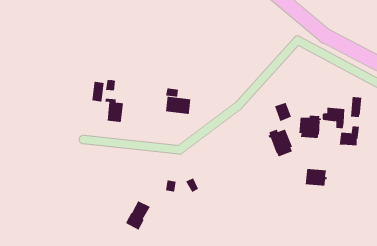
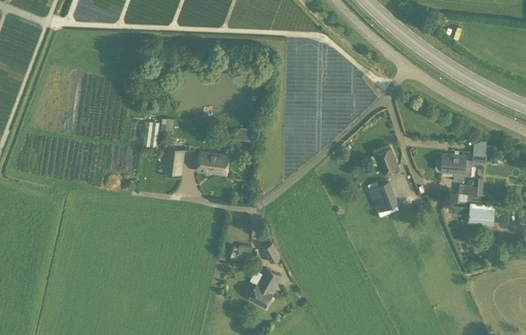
building: [165,96,191,115] -> [195,151,228,175]
building: [299,115,322,139] -> none
building: [305,168,328,186] -> [466,203,495,226]
building: [125,200,151,230] -> [248,269,280,307]

